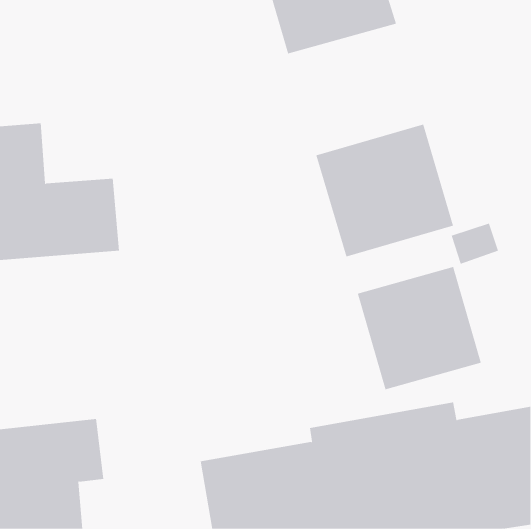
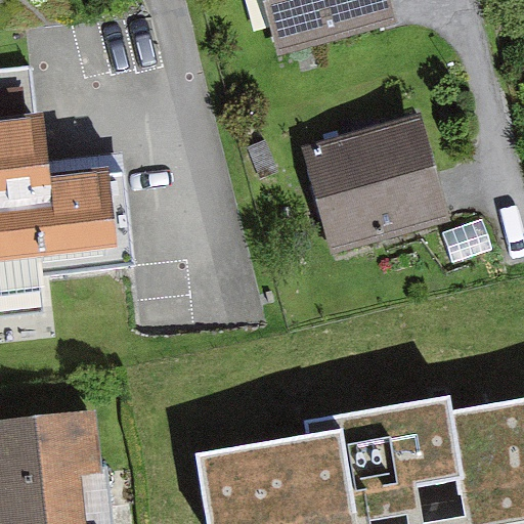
building: [357,266,482,390] -> none

